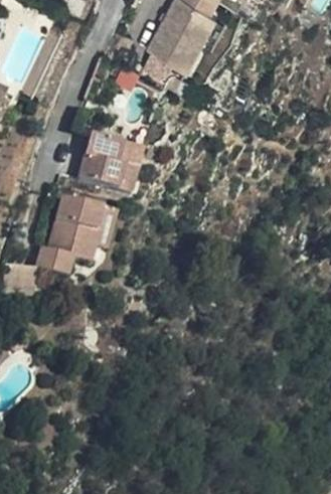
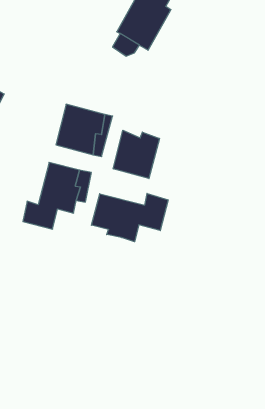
building: none -> [113,130,159,179]
building: none -> [91,193,168,242]

